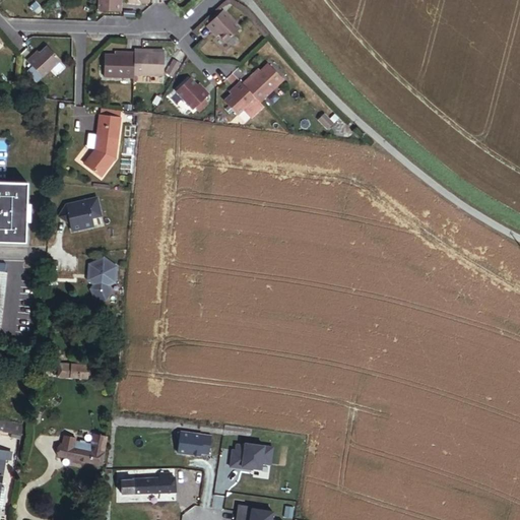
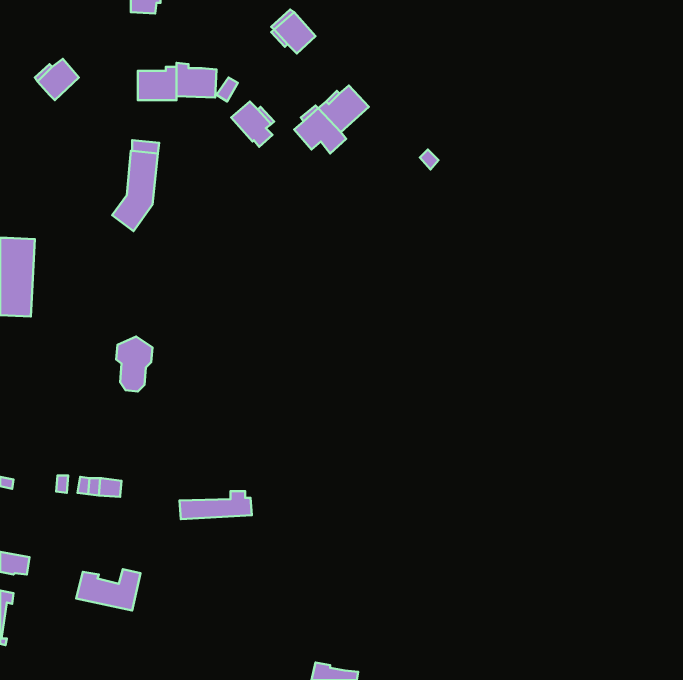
building: [59,204,101,235] -> none
building: [178,431,211,455] -> none
building: [230,442,272,468] -> none
building: [121,471,176,493] -> [180,491,252,519]

